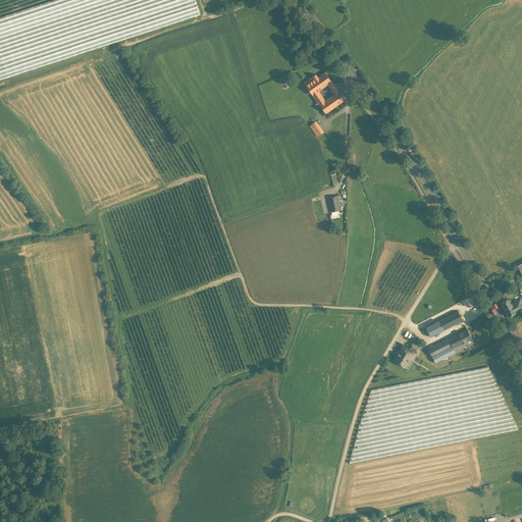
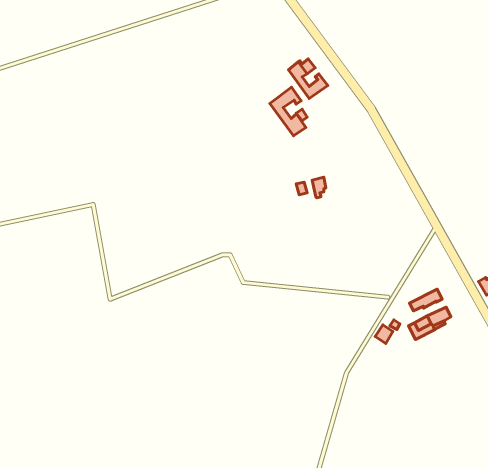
building: none -> [270,87,306,136]

